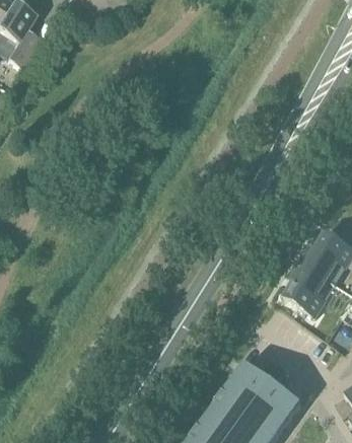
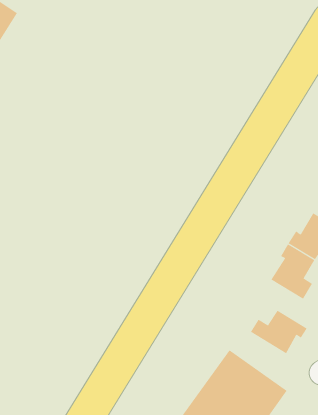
building: none -> [250,310,307,354]

